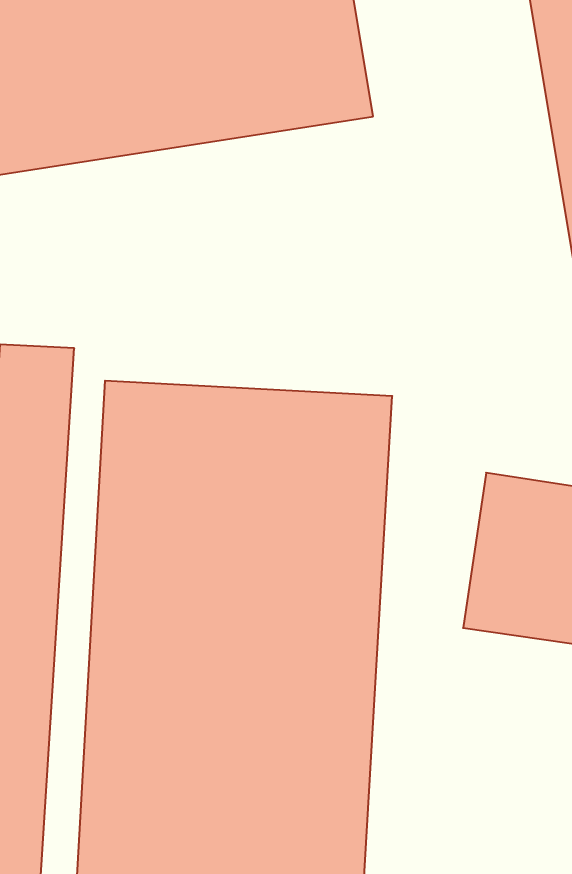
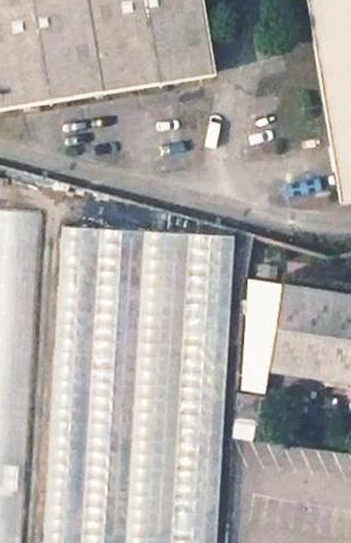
building: none -> [242,283,280,392]

